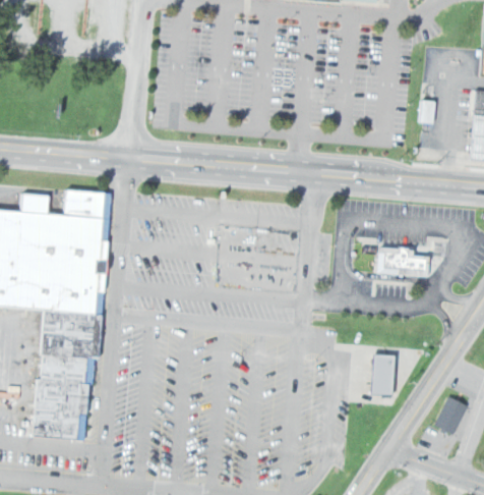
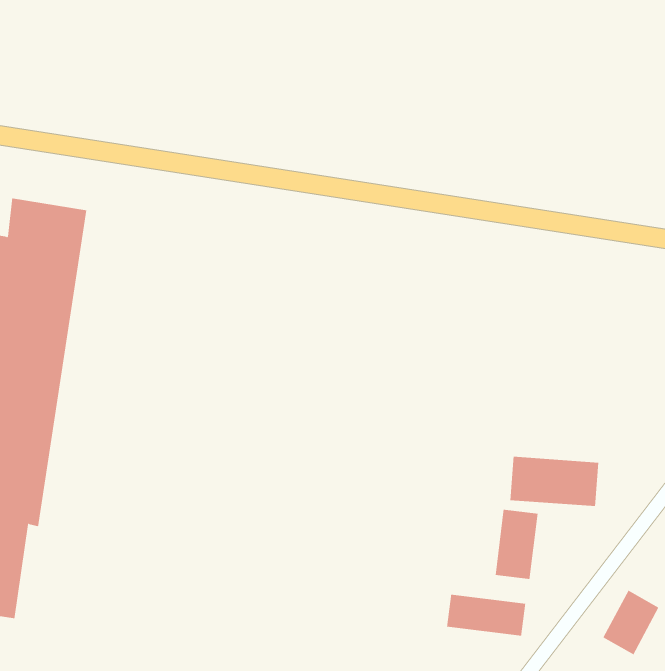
building: [378,249,430,275] -> [510,456,599,507]
building: none -> [446,594,526,636]

